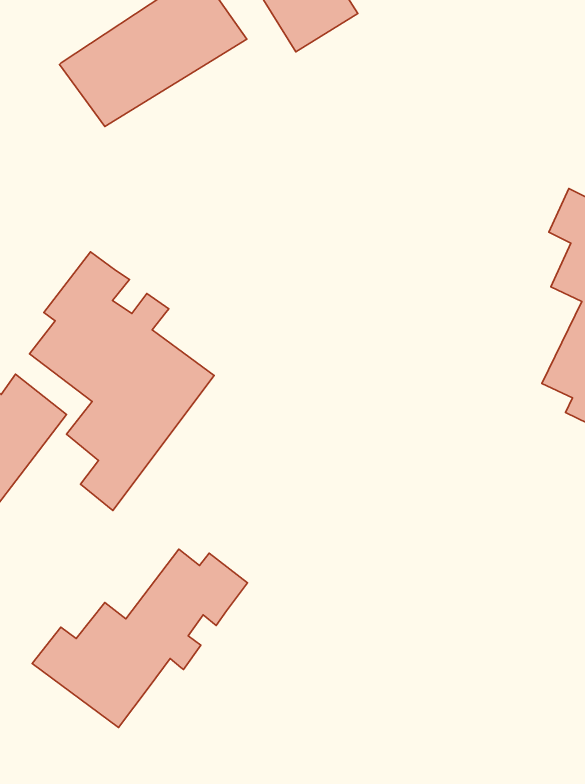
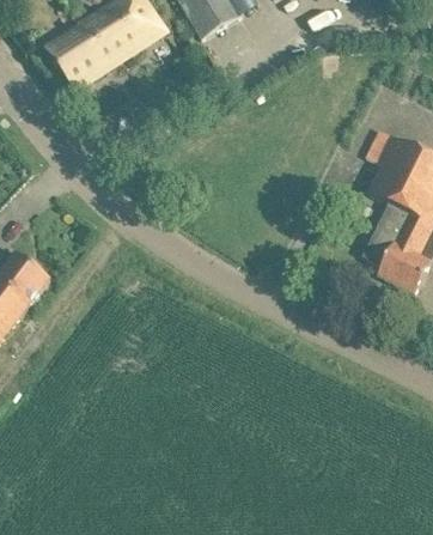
building: [29,252,214,511] -> none
building: [32,549,248,727] -> none

